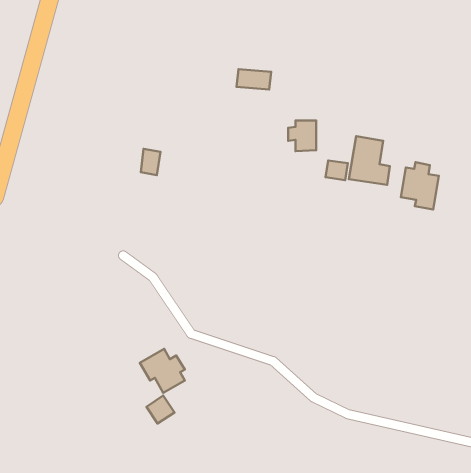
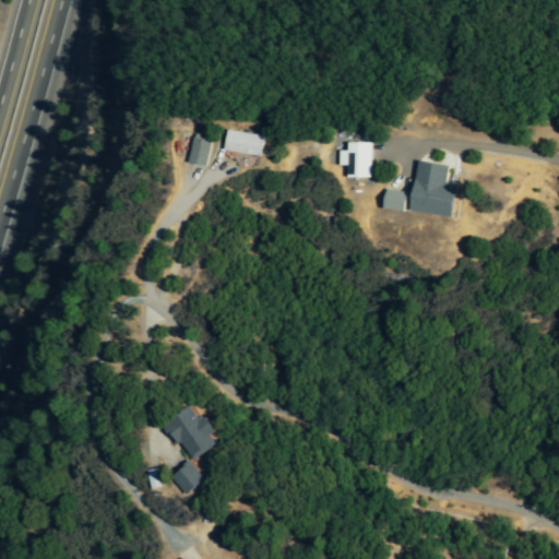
building: [237,69,271,90] -> [224,130,264,154]
building: [141,149,160,175] -> [190,135,213,166]
building: [401,162,439,209] -> none

